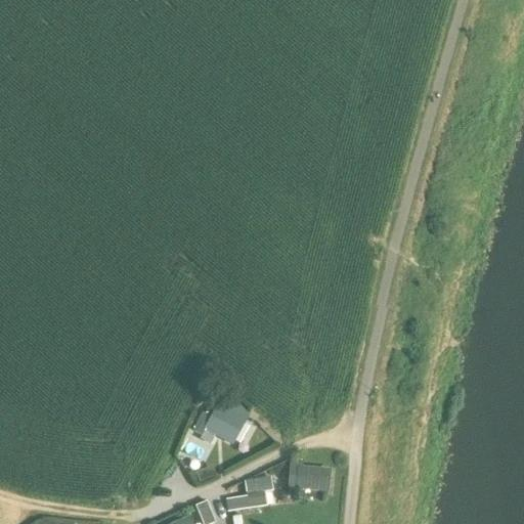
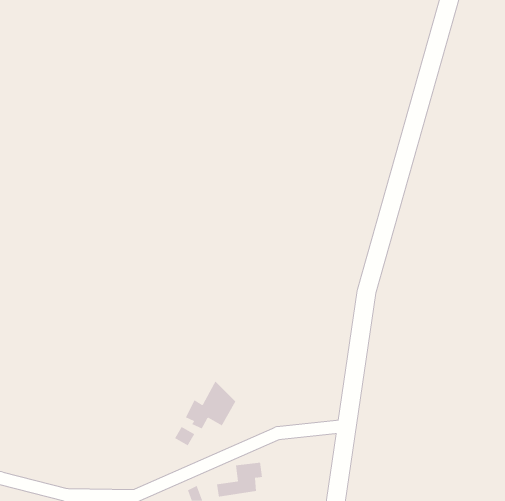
building: [289,456,328,489] -> none

